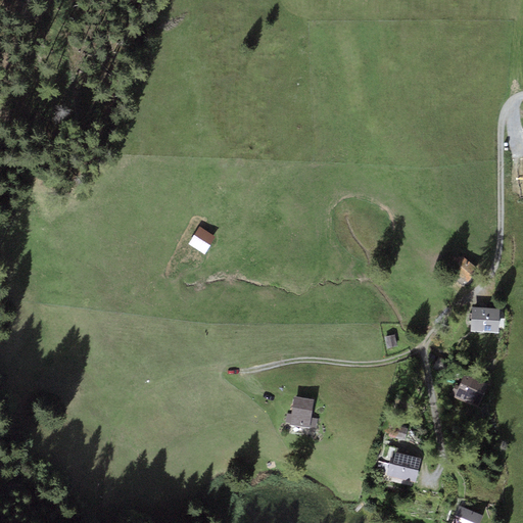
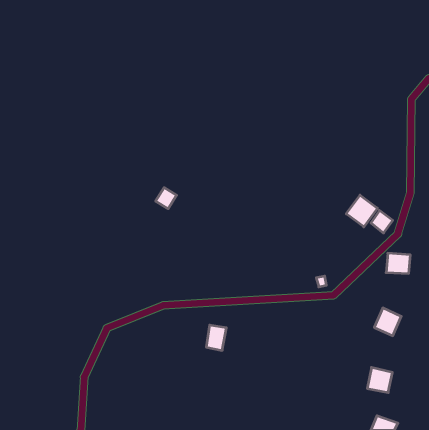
building: none -> [346,195,377,227]
building: [289,397,314,428] -> [206,325,226,350]
building: [389,450,420,481] -> [367,367,392,393]

